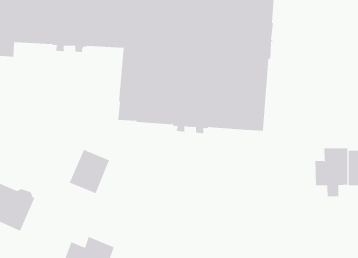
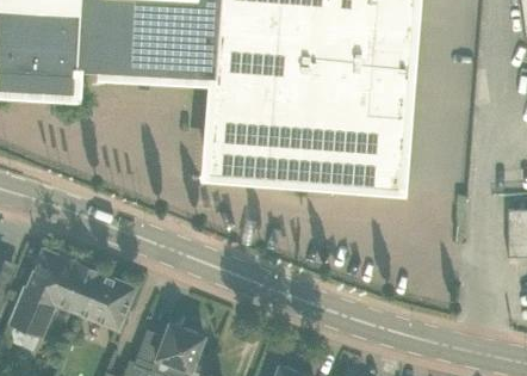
building: [315,147,348,197] -> none
building: [69,149,110,194] -> [81,272,135,331]

